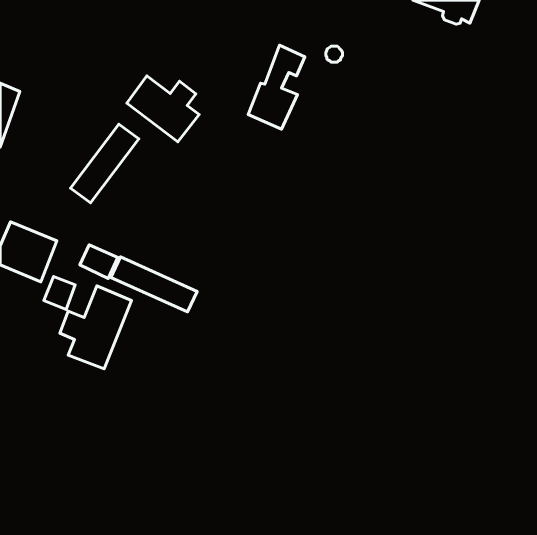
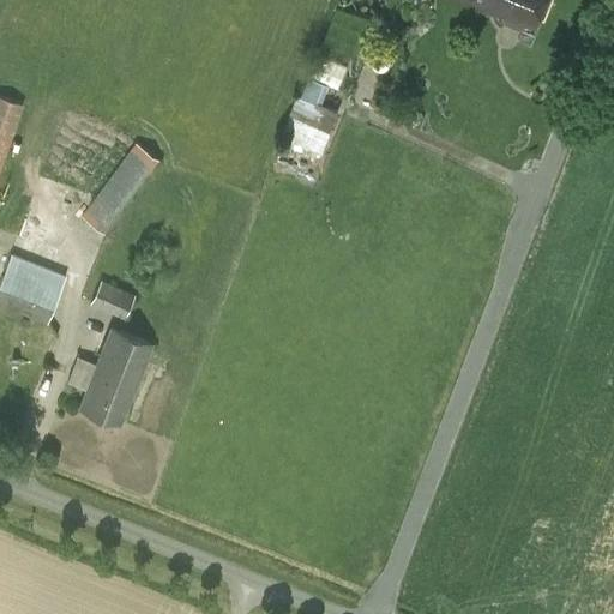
building: [127,76,199,142] -> none
building: [111,257,197,312] -> none
building: [44,277,75,309] -> none

